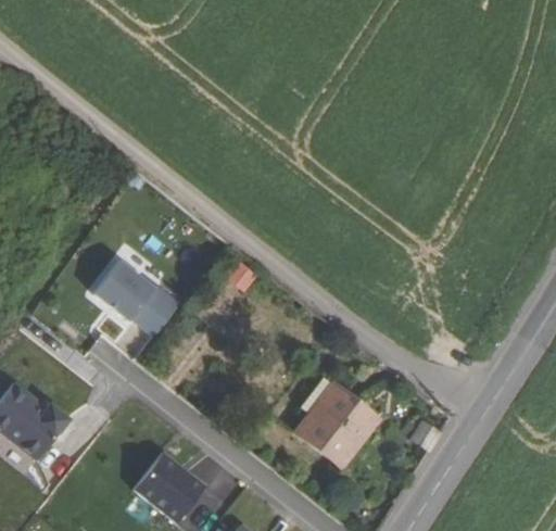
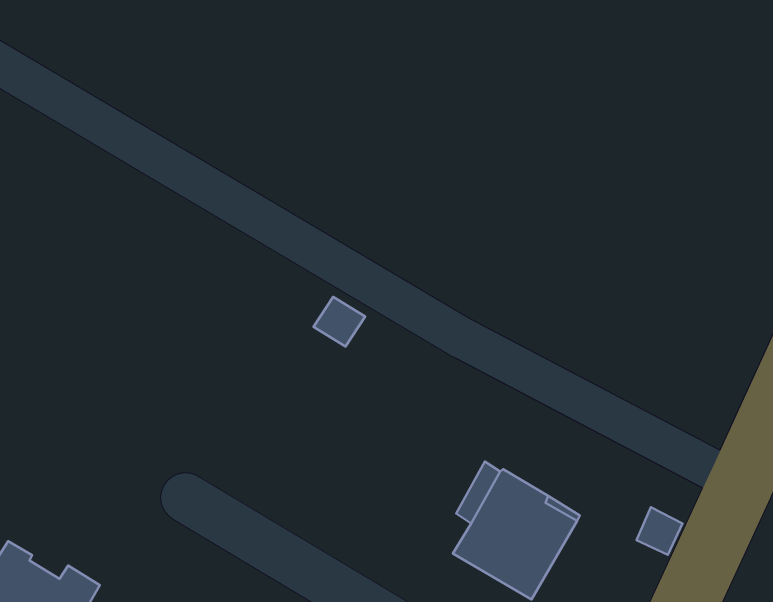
building: [93,260,179,336] -> none

